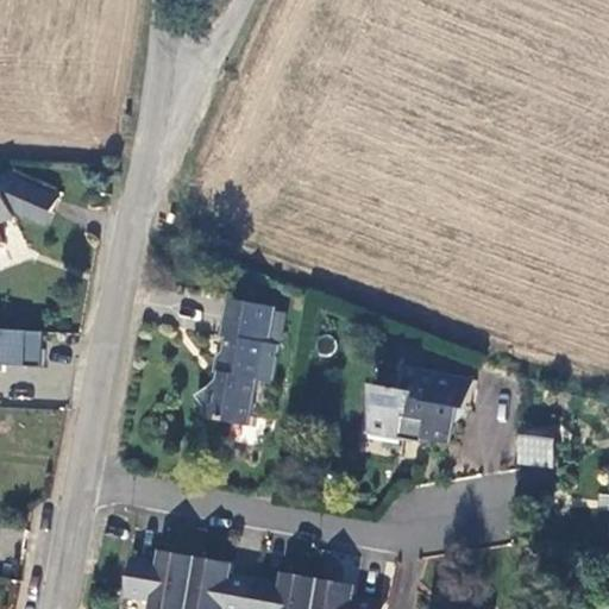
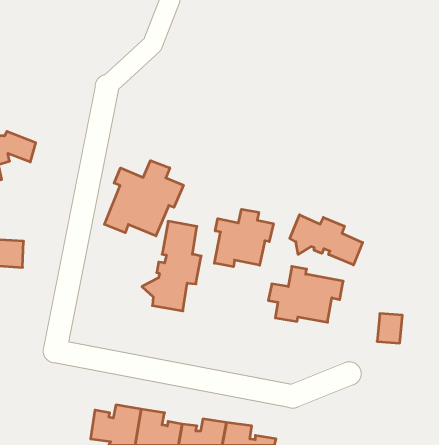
building: none -> [104,161,183,236]
building: none -> [214,209,273,267]
building: none -> [290,215,363,265]

